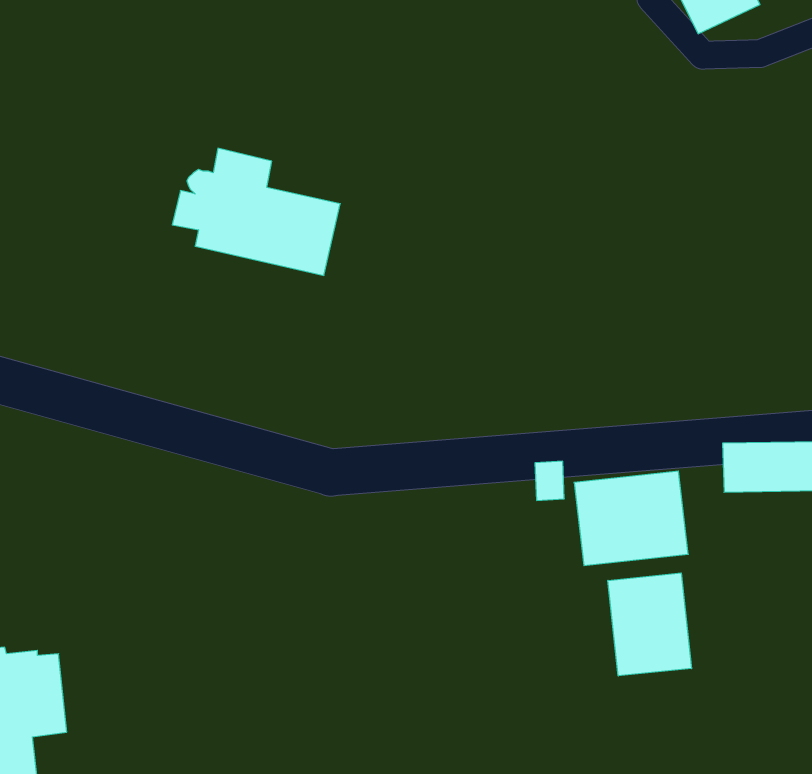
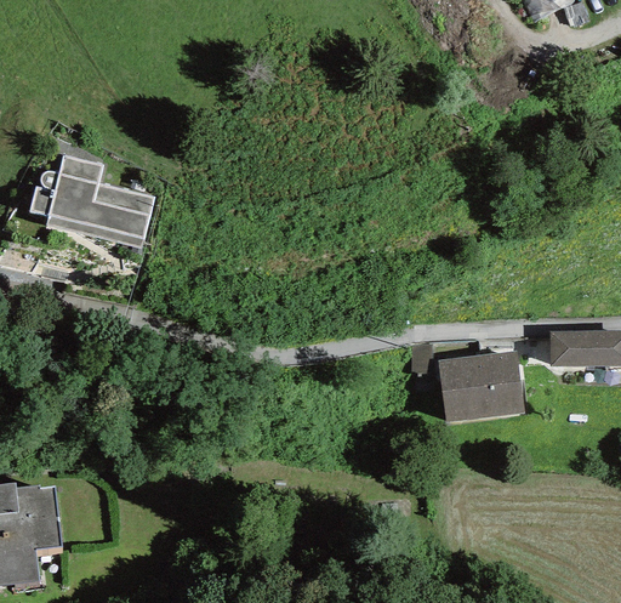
building: [172,148,340,275] -> [28,154,153,249]
building: [608,573,692,676] -> none

